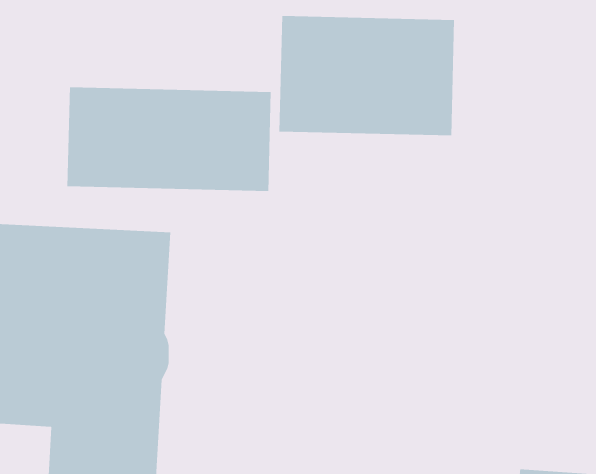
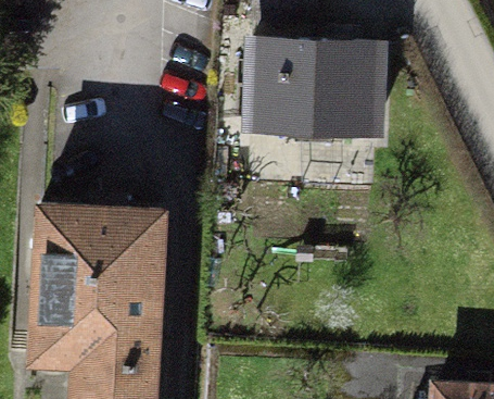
building: [67,87,271,192] -> none

